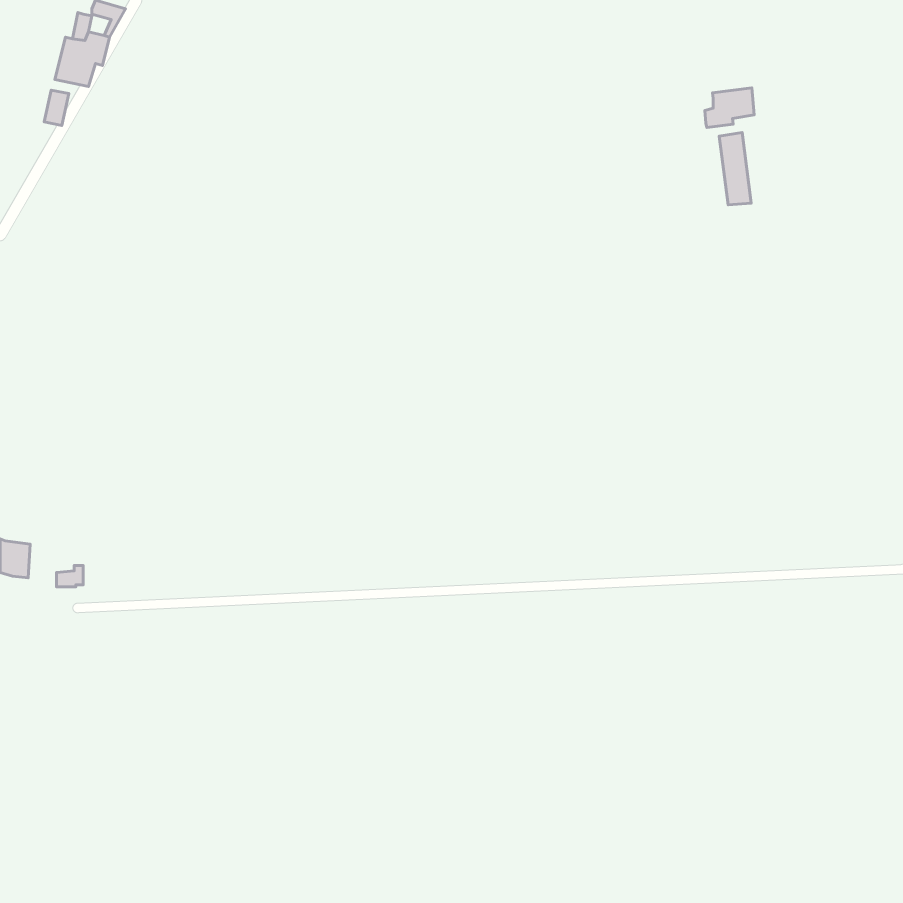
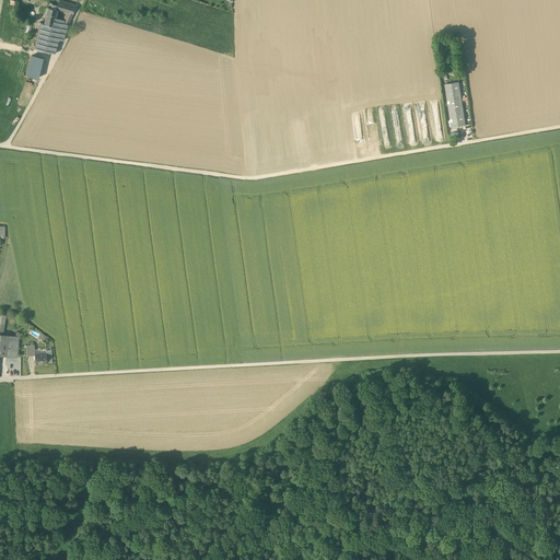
building: [705,88,754,127] -> none

